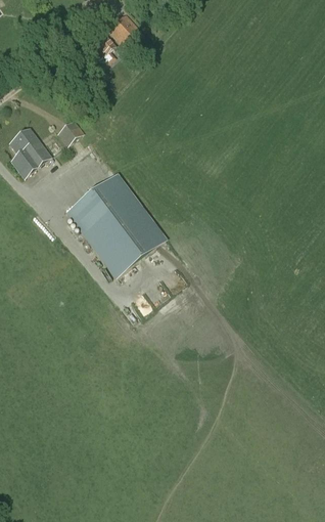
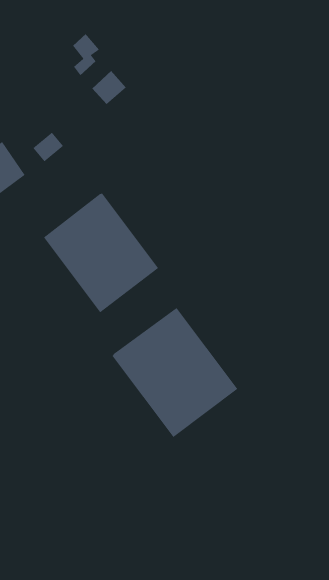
building: [107,12,138,43] -> [92,70,126,105]
building: none -> [111,307,238,438]

